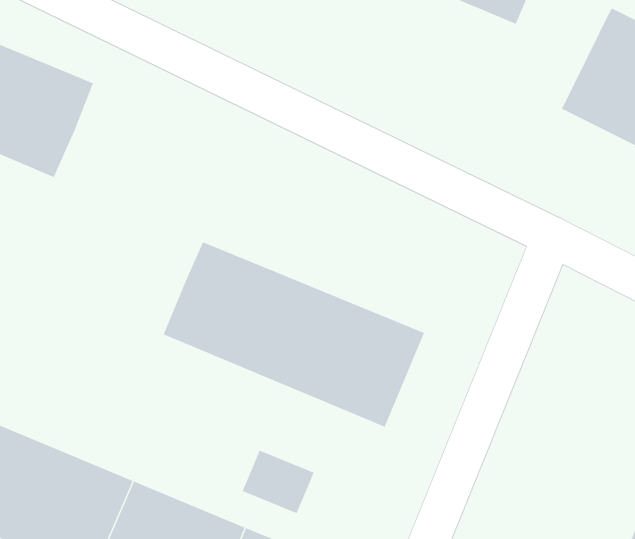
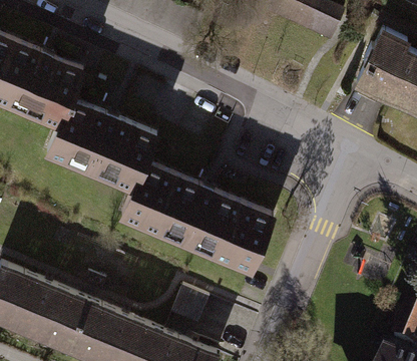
building: none -> [47,95,156,185]

